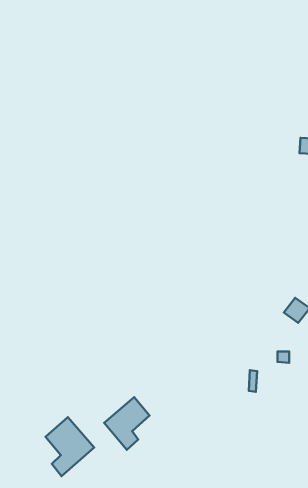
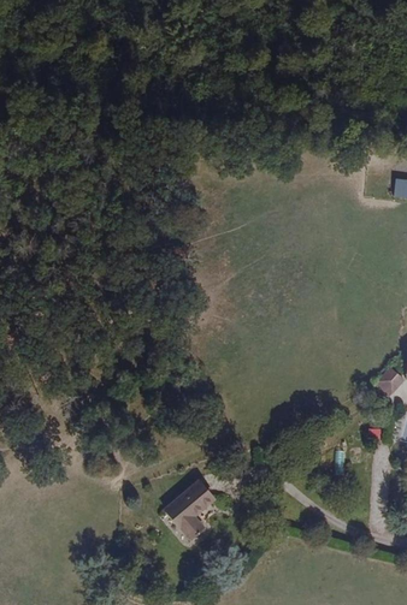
building: [46,417,94,476] -> none

